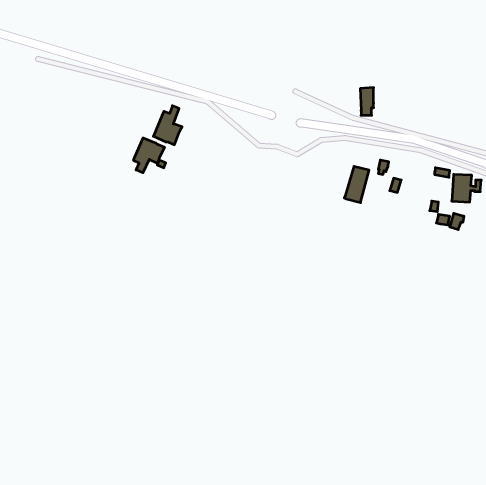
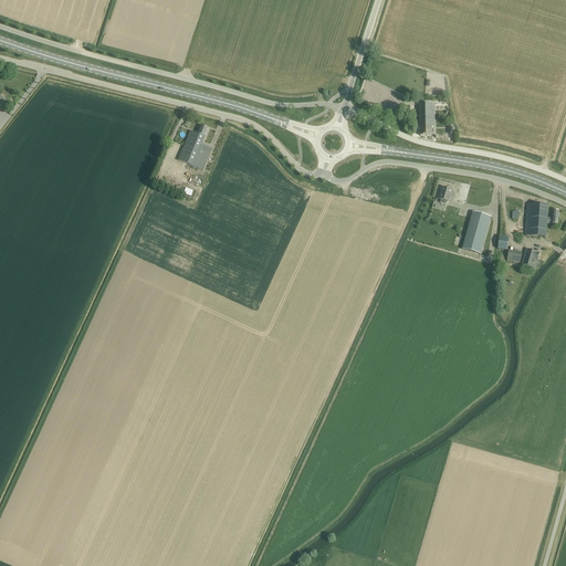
building: [134,138,164,173] -> none
building: [344,166,369,203] -> [461,210,490,252]

